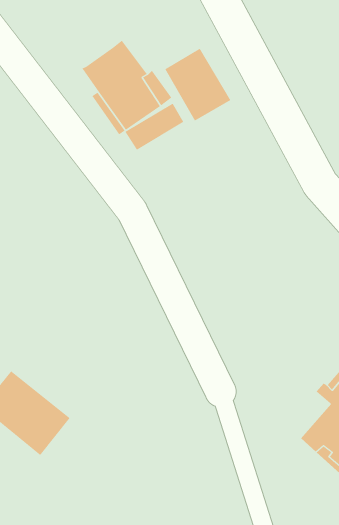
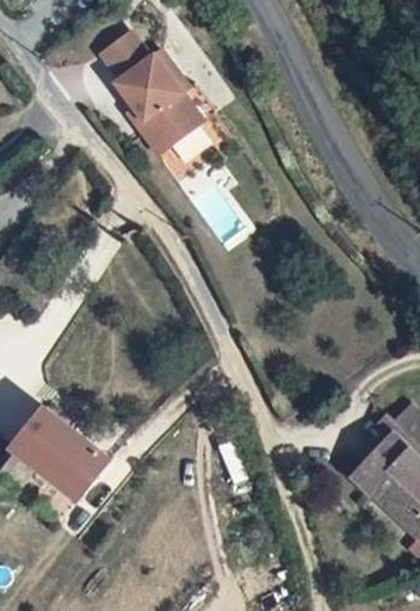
building: none -> [101,32,149,80]
building: [165,48,231,122] -> none

